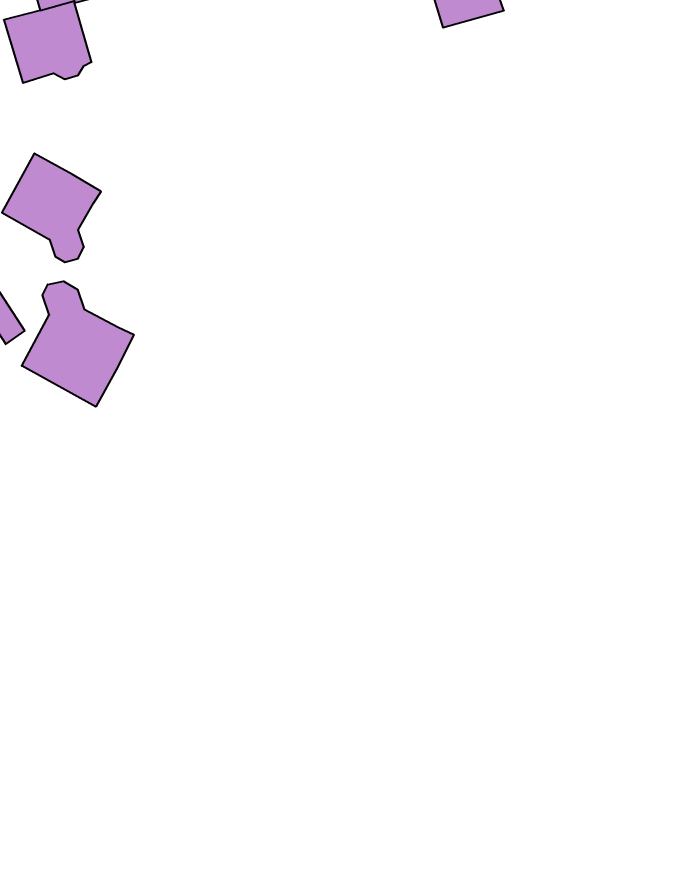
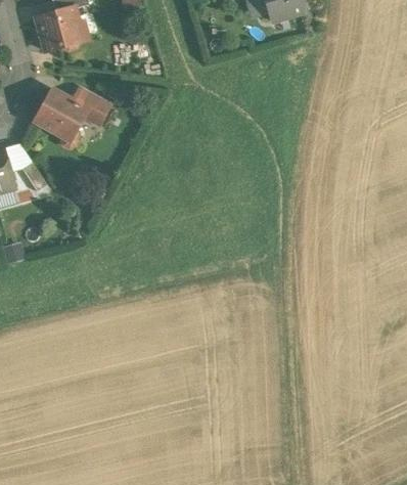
building: none -> [73,87,109,123]
building: [22,281,134,407] -> none

